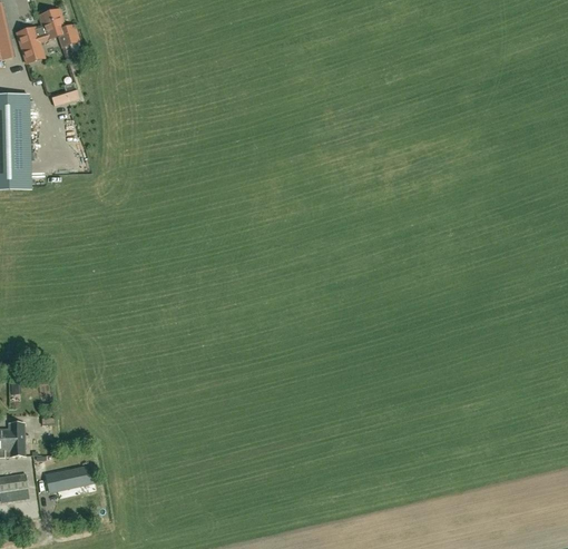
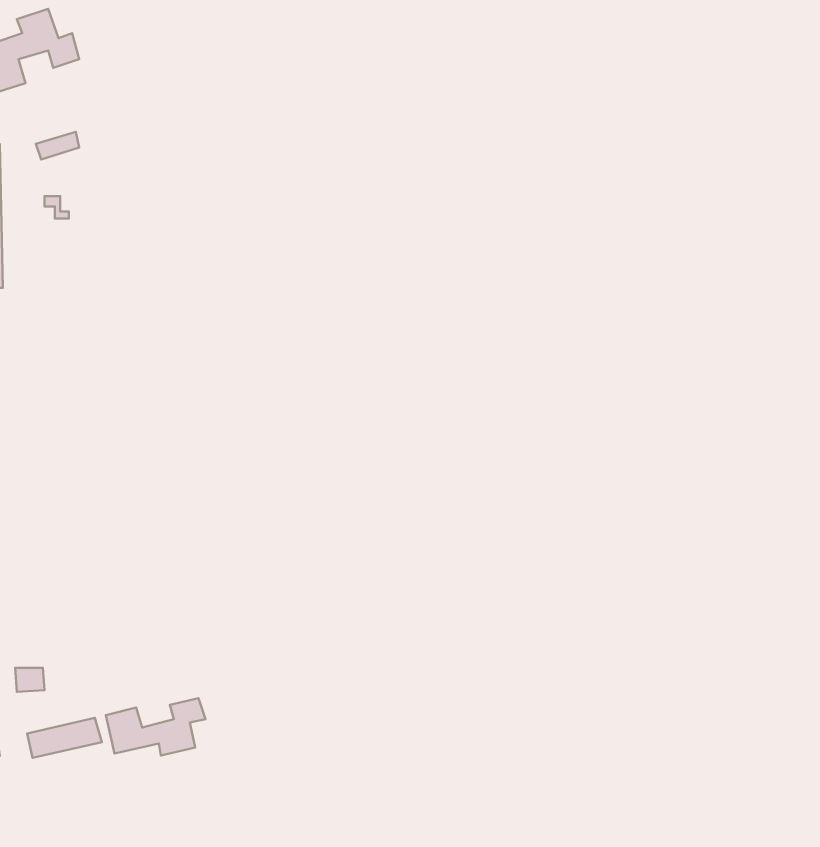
building: none -> [106,698,205,755]

